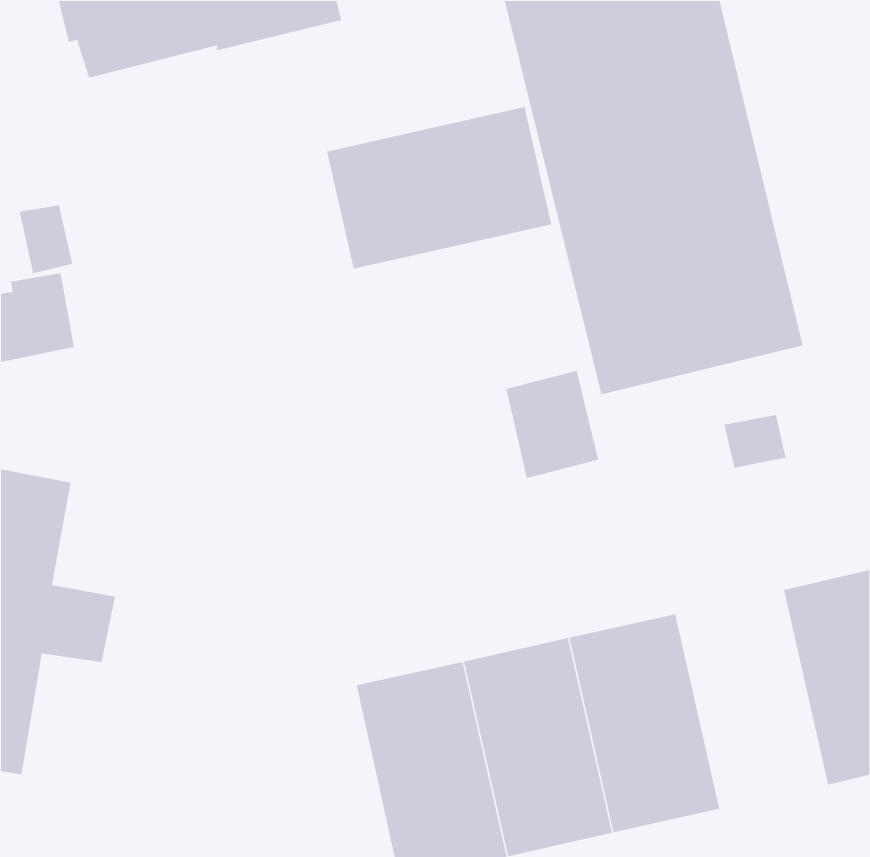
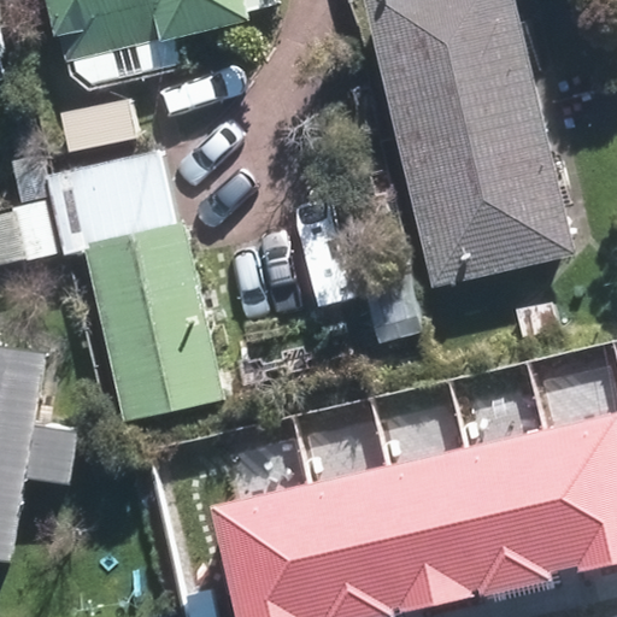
building: [326,106,552,270] -> none
building: none -> [54,148,231,422]
building: none -> [478,427,586,582]

